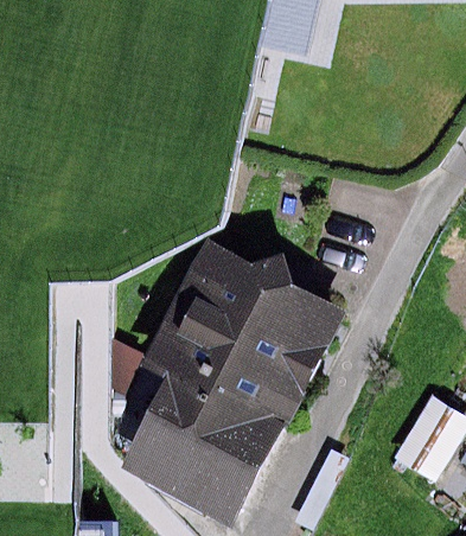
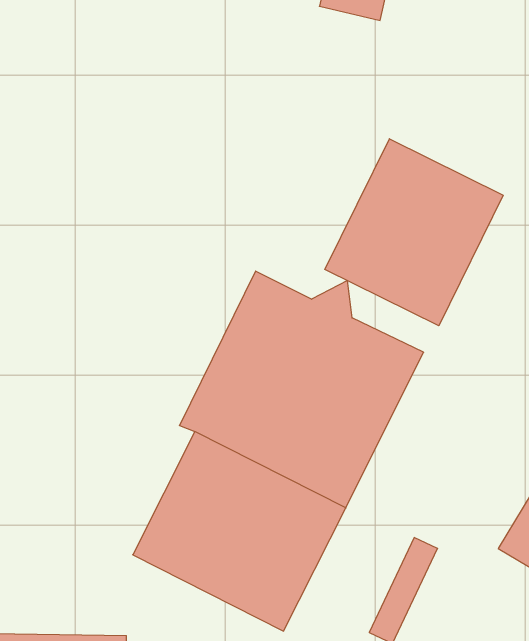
building: none -> [325,139,503,326]

